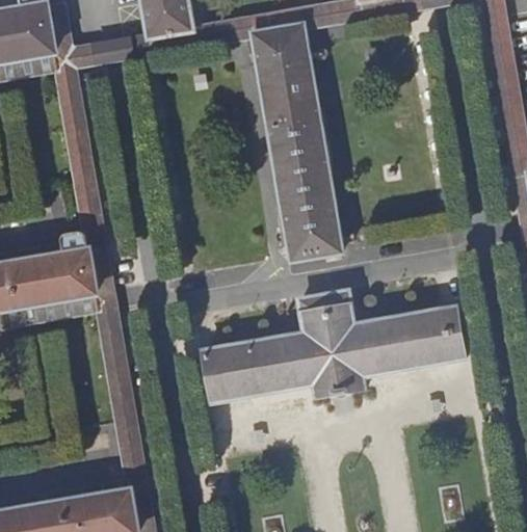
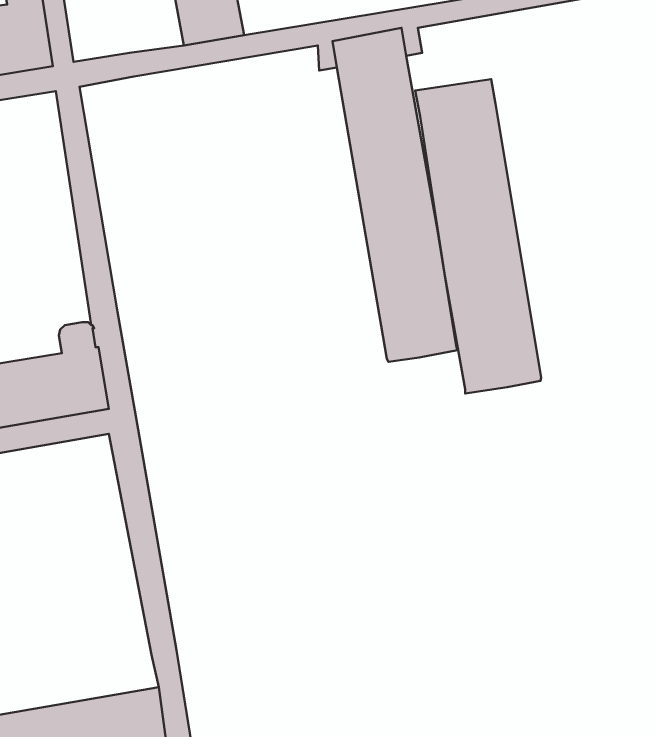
building: none -> [415,79,541,393]
building: [203,289,464,399] -> none

